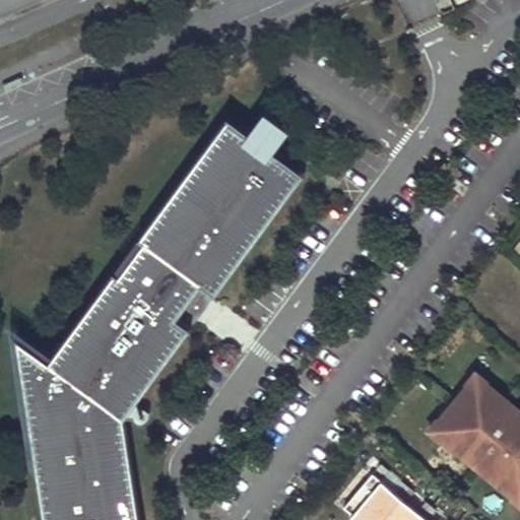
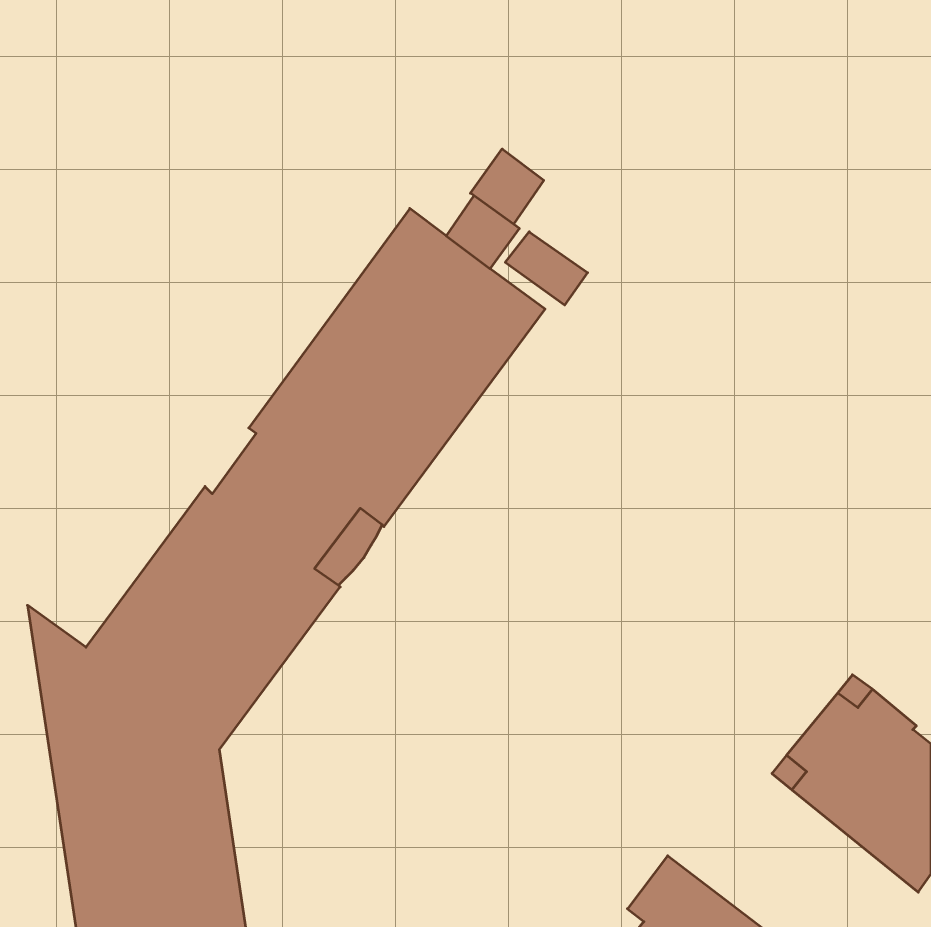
building: none -> [470,149,544,224]
building: none -> [505,232,588,305]

